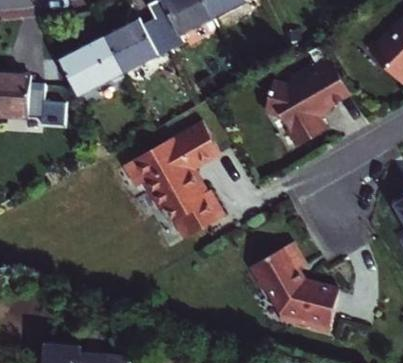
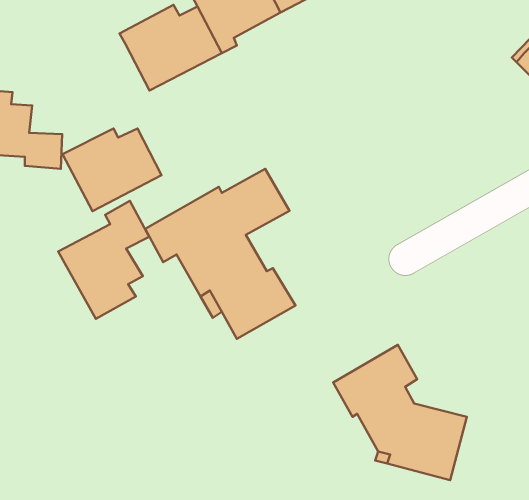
building: [60,43,126,98] -> [62,129,162,211]
building: [263,58,350,148] -> none
building: none -> [58,201,149,319]

